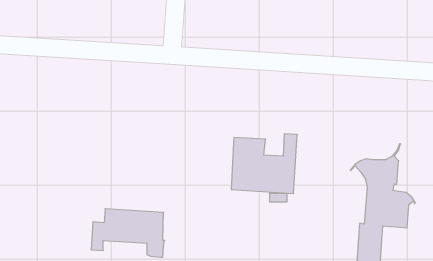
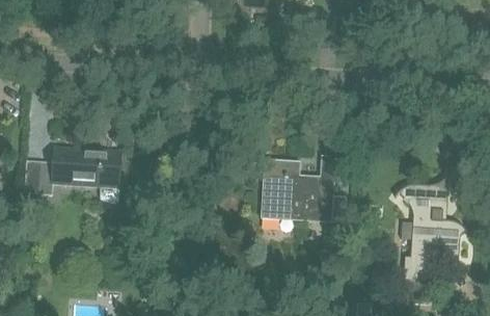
building: [91,209,165,257] -> [37,146,119,200]

